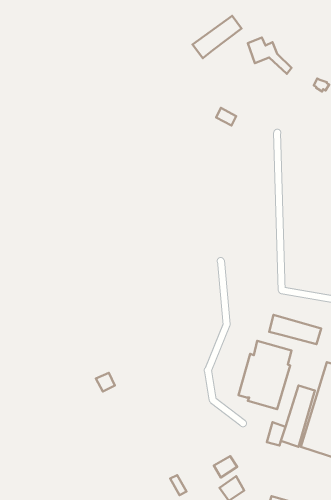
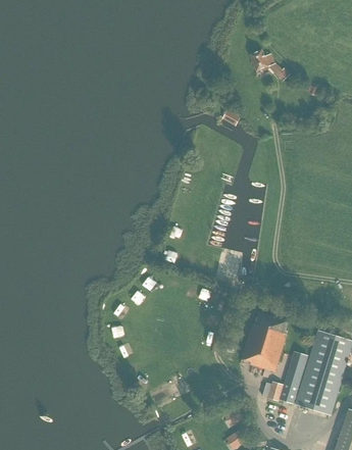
building: [192,16,241,58] -> none
building: [269,315,321,344] -> none

